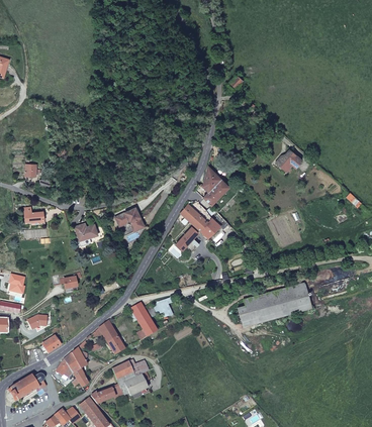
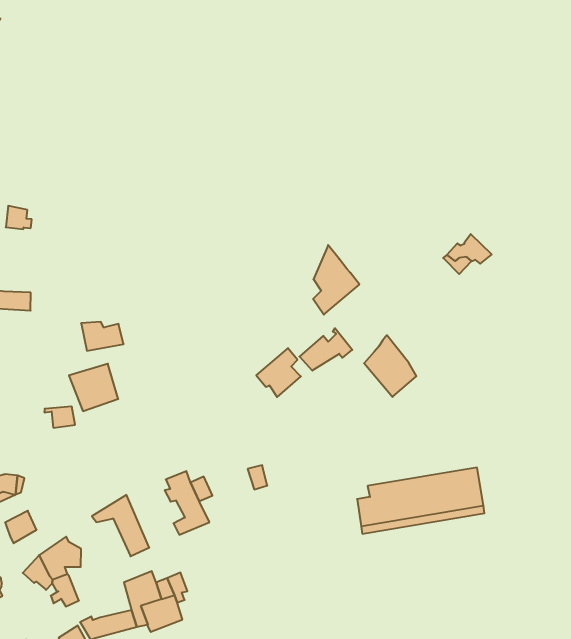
building: [180,197,210,231] -> [364,335,416,397]
building: [114,209,144,237] -> [69,364,118,411]

